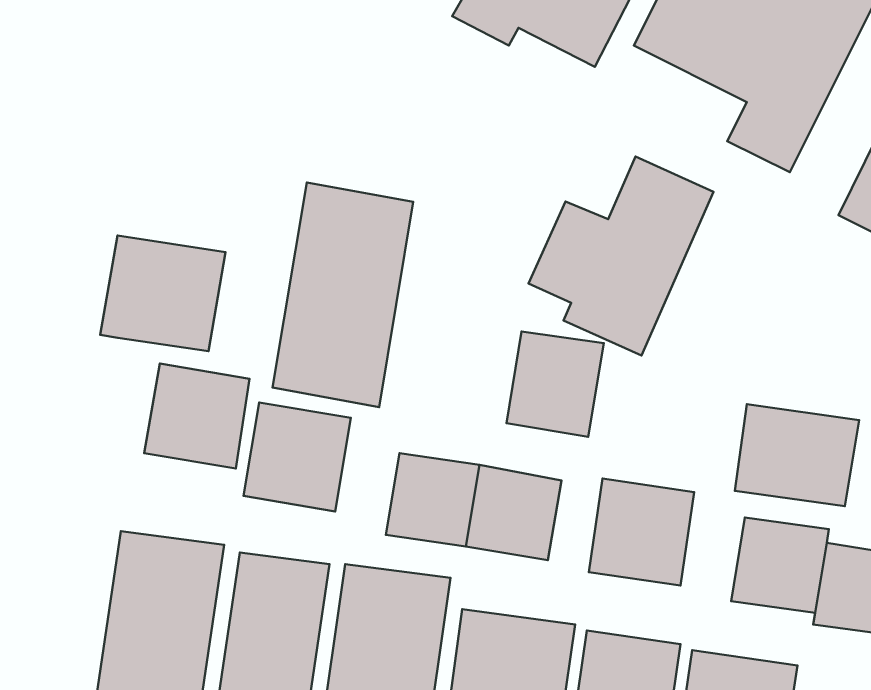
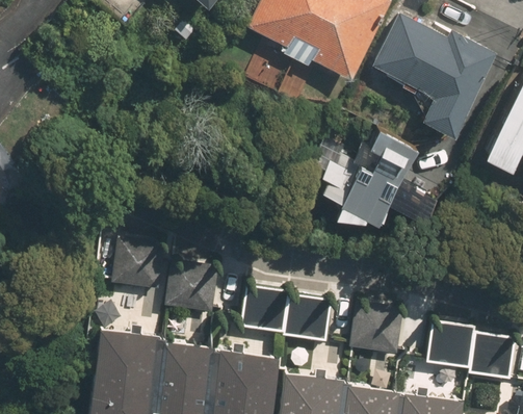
building: [273,183,413,407] -> none
building: [100,236,226,351] -> none
building: [507,332,604,437] -> none
building: [735,404,859,506] -> none

